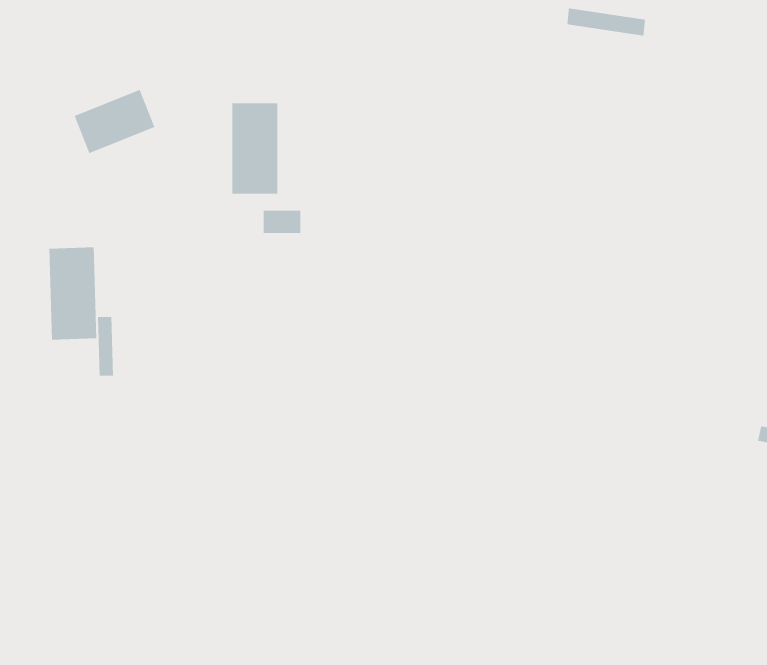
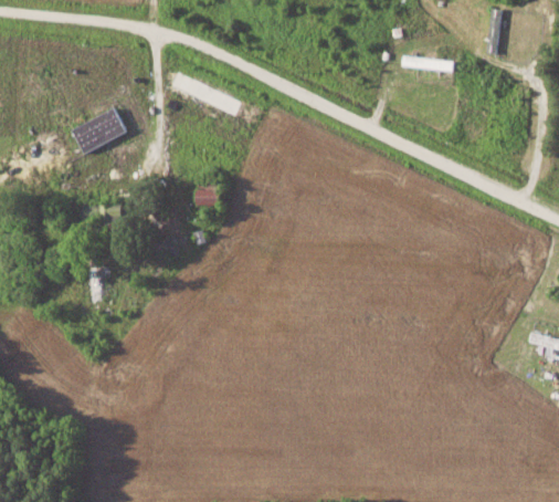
building: [232,103,278,194] -> none
building: [49,247,97,340] -> none

